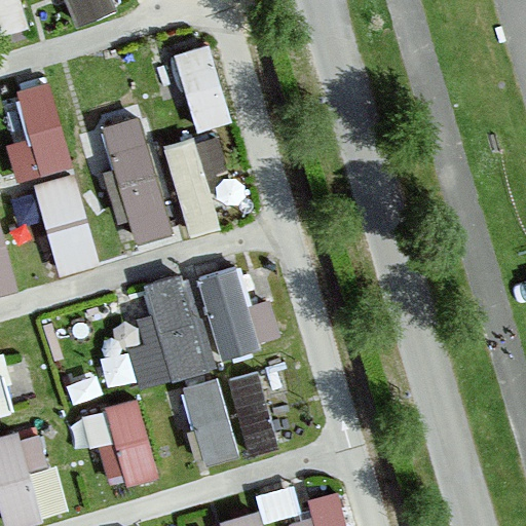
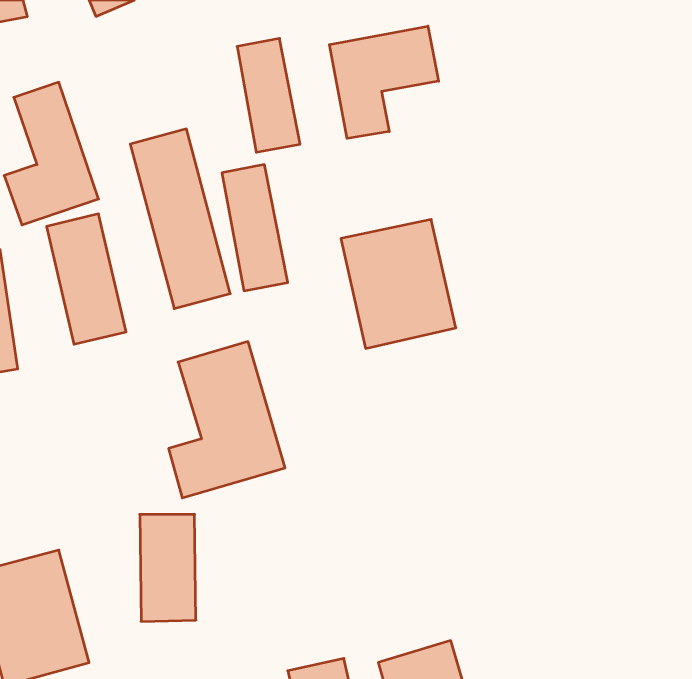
building: none -> [329,26,439,138]
building: [195,260,281,356] -> [341,219,456,348]
building: [176,365,277,466] -> none

